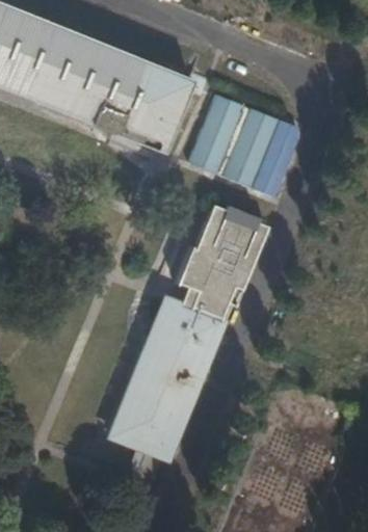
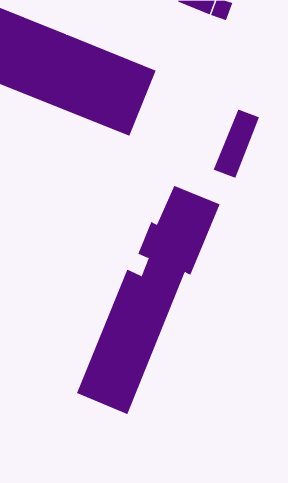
building: [195,95,249,174] -> none
building: [228,108,284,187] -> none

